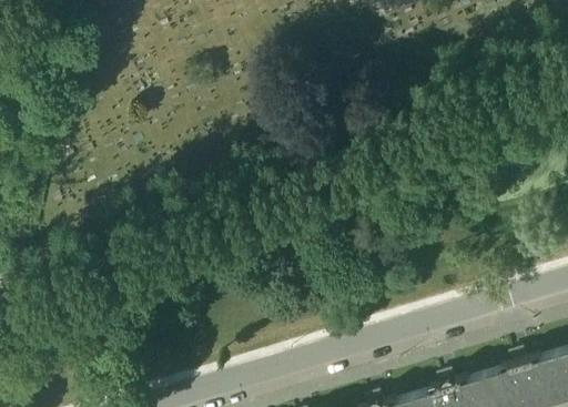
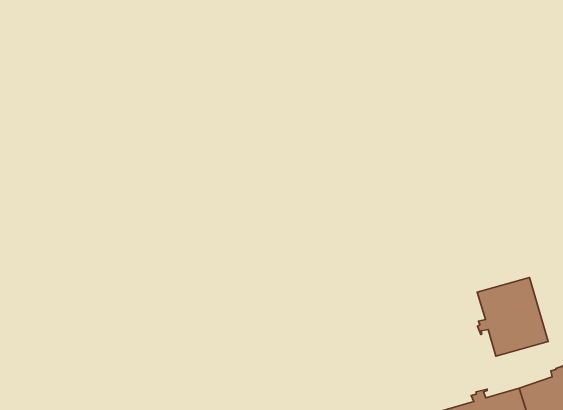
building: none -> [477,278,548,356]

